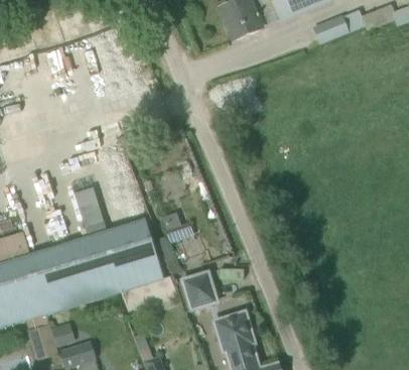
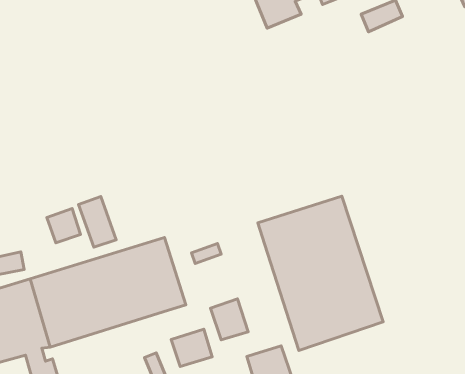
building: none -> [258,196,383,350]
building: none -> [47,209,81,243]
building: none -> [171,329,212,367]

